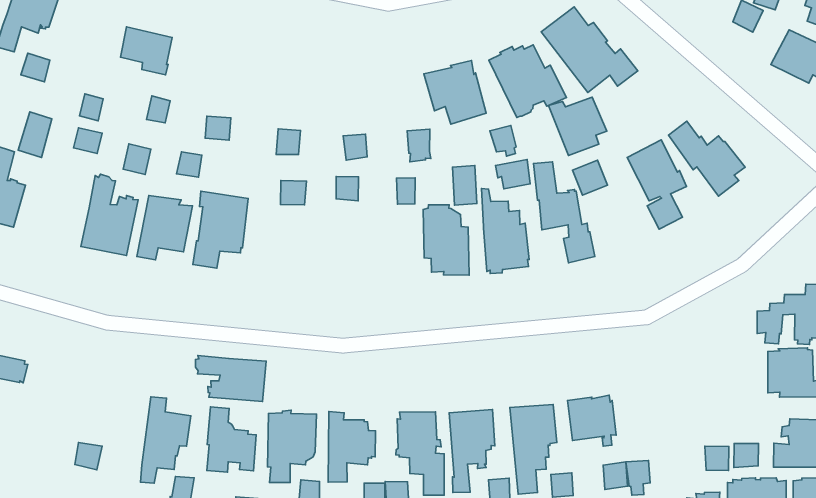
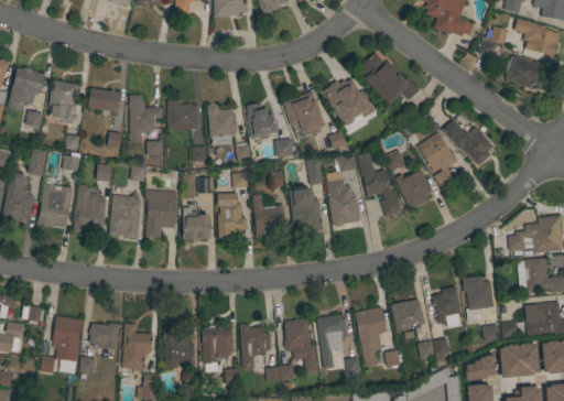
building: none -> [48,79,78,123]
building: none -> [129,95,163,142]
building: none -> [167,100,198,129]
building: none -> [248,99,276,142]
building: none -> [207,104,237,145]
building: [549,97,607,155] -> [394,170,433,208]
building: none -> [37,183,73,227]
building: none -> [217,193,247,238]
building: none -> [252,193,285,236]
building: none -> [183,212,210,239]
building: [195,356,266,402] -> none
building: none -> [463,277,494,322]
building: none -> [41,316,83,373]
building: none -> [433,286,462,327]
building: none -> [89,323,120,350]

